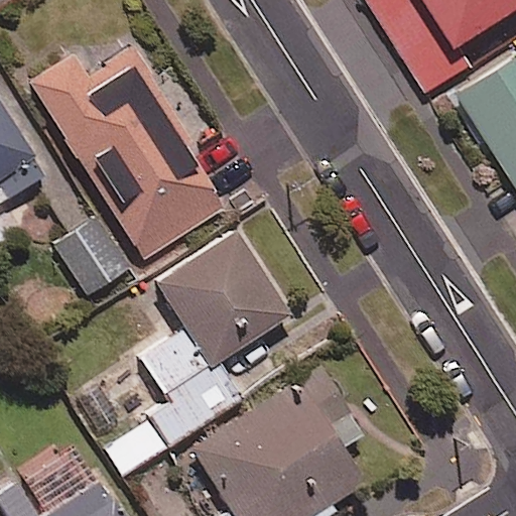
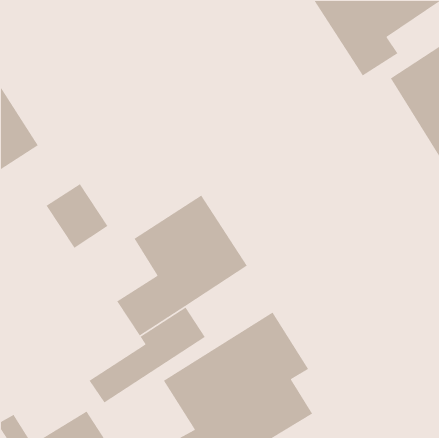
building: [29,49,225,260] -> none

